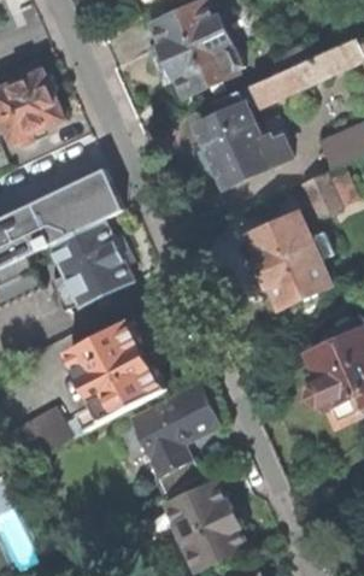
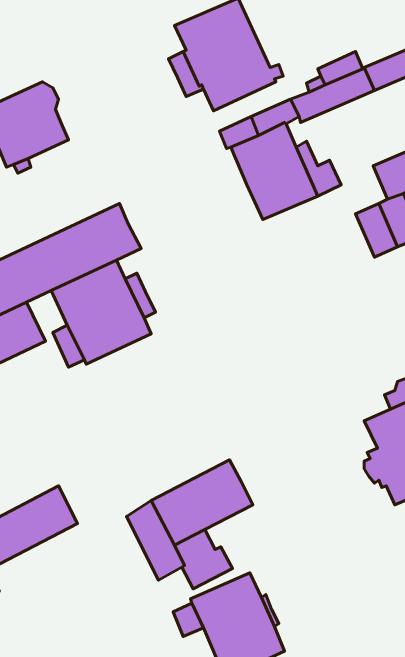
building: [249,213,329,304] -> none
building: [69,321,165,428] -> none

